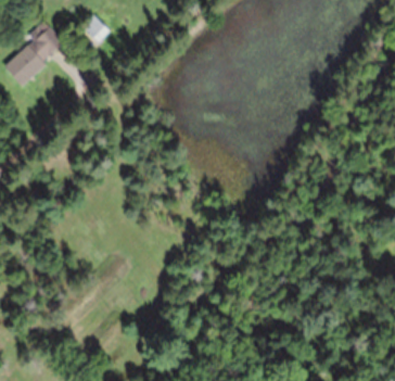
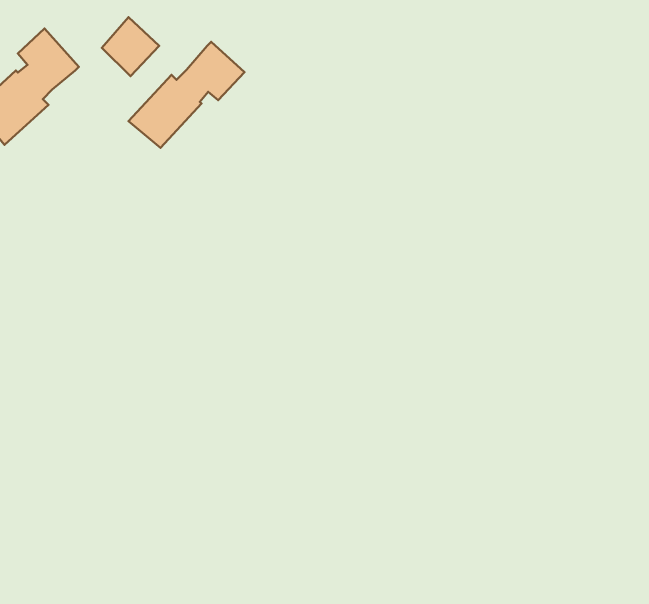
building: none -> [129,42,245,148]

